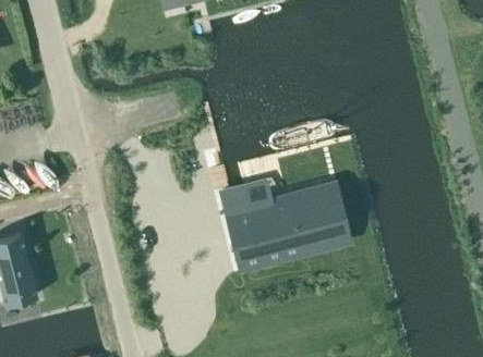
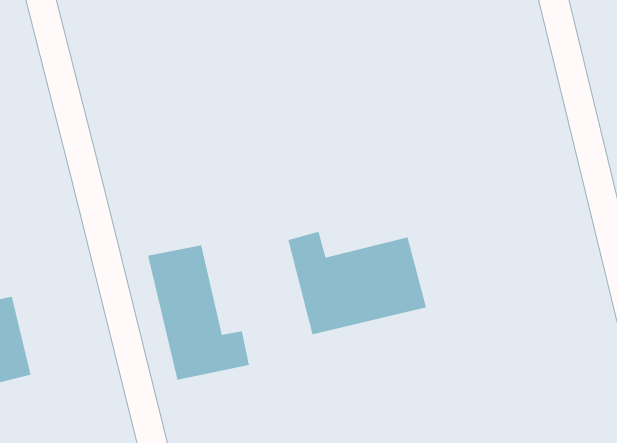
building: none -> [147,244,250,381]

